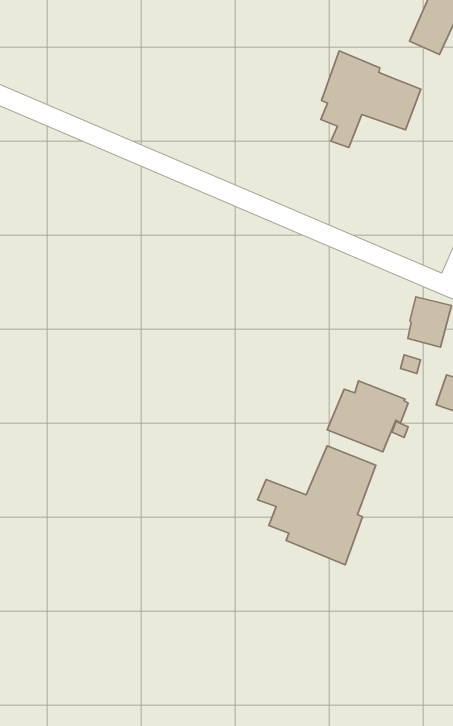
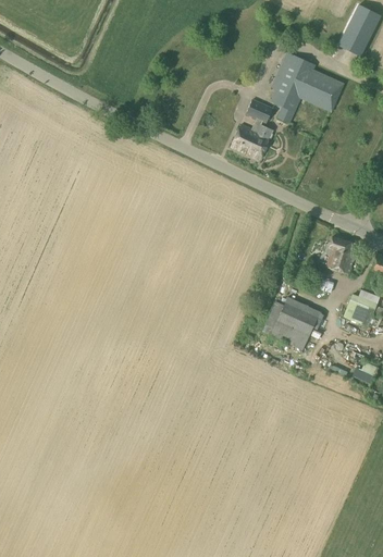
building: none -> [231,98,272,160]
building: [257,446,376,565] -> none

